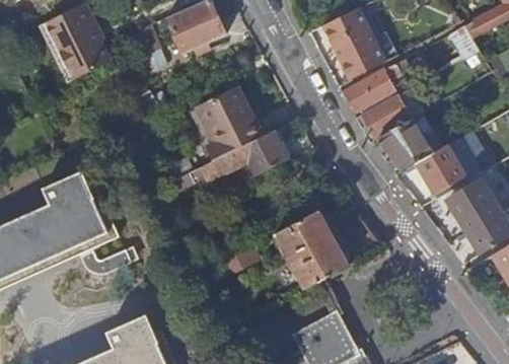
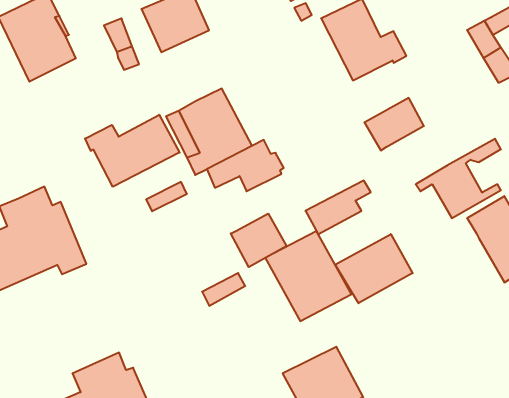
building: [345,63,402,110] -> [305,181,371,234]
building: none -> [85,115,180,187]
building: [379,118,432,169] -> none
building: none -> [231,214,286,267]
building: none -> [335,234,413,303]

